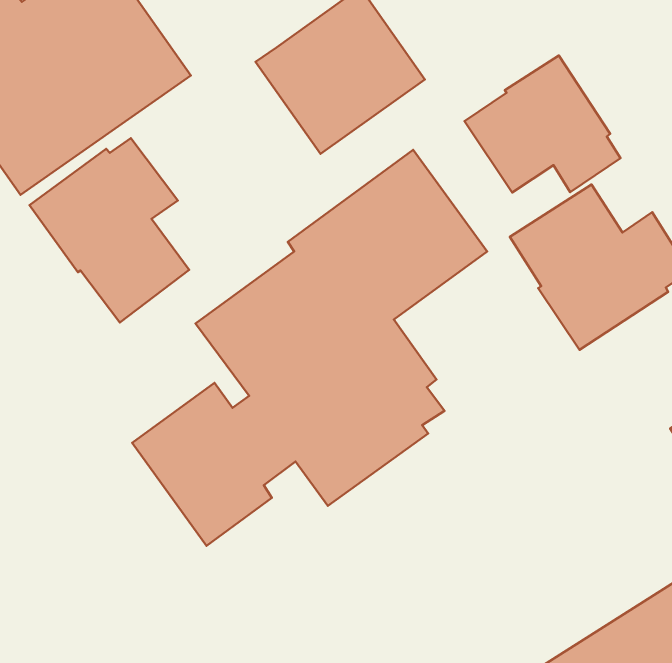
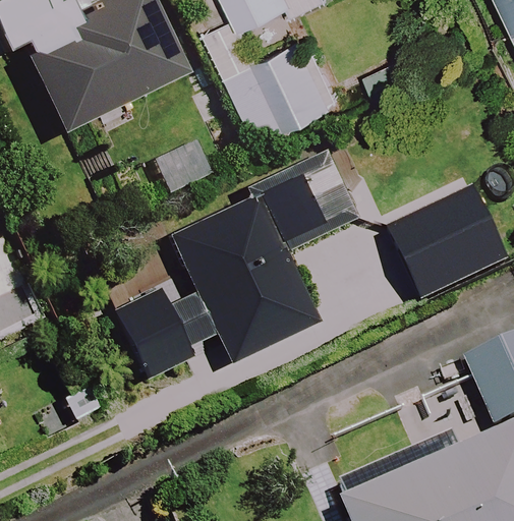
building: [464,56,620,192] -> none
building: [29,138,189,322] -> none

